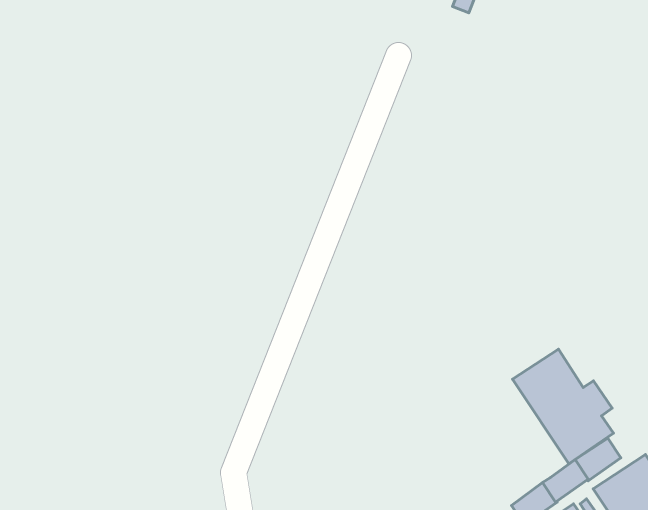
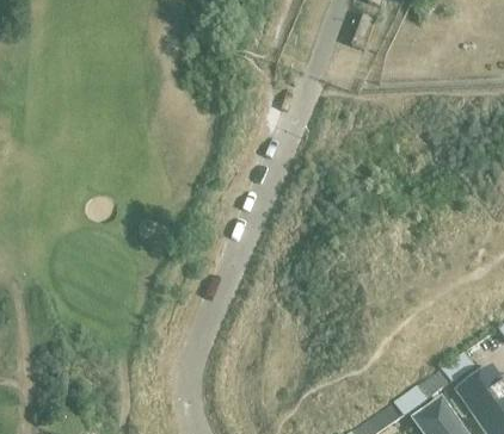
building: [512,349,613,464] -> none

